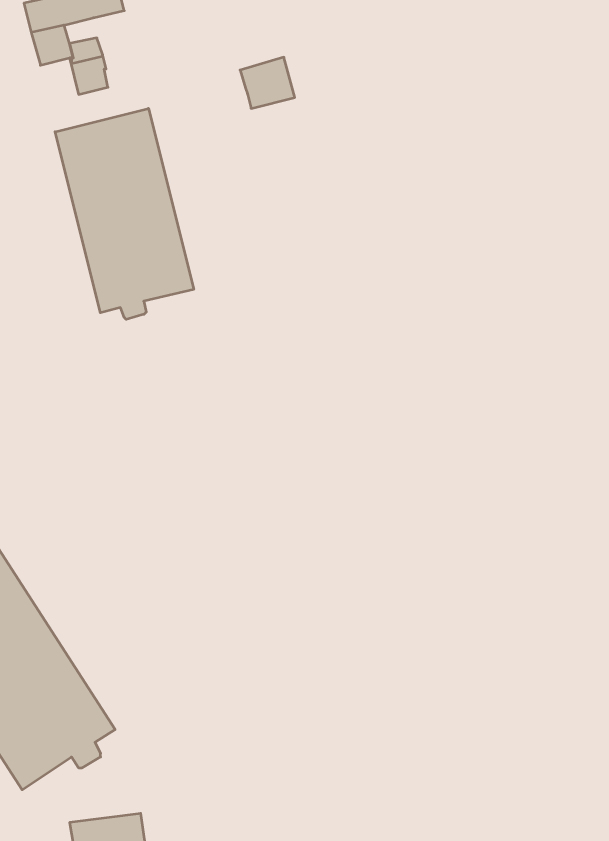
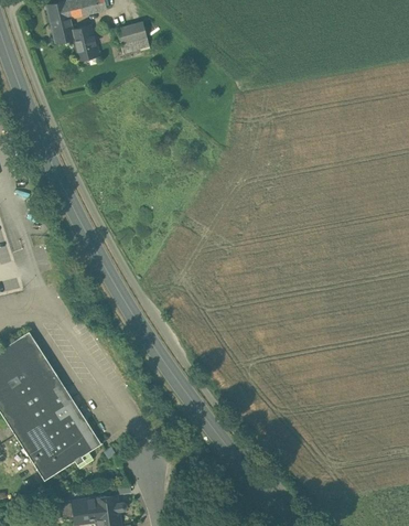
building: [240,57,295,108] -> [116,22,149,53]
building: [55,108,194,319] -> none

